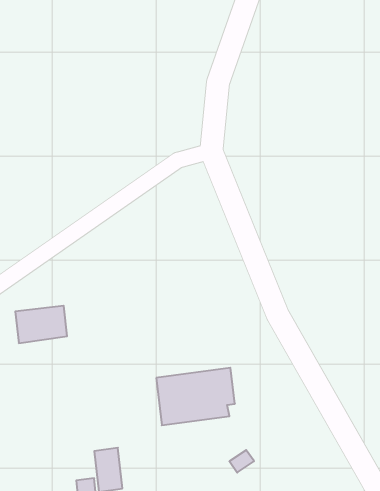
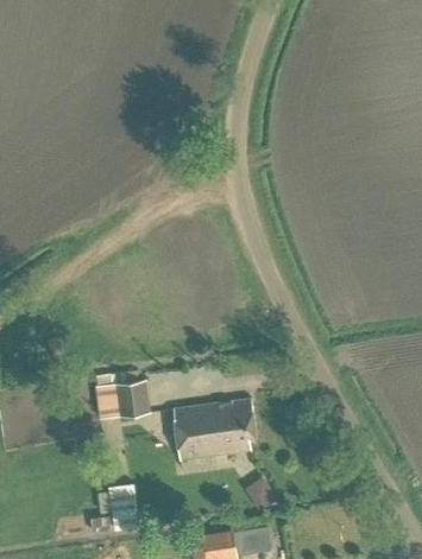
building: [15,306,67,343] -> [92,381,146,420]

